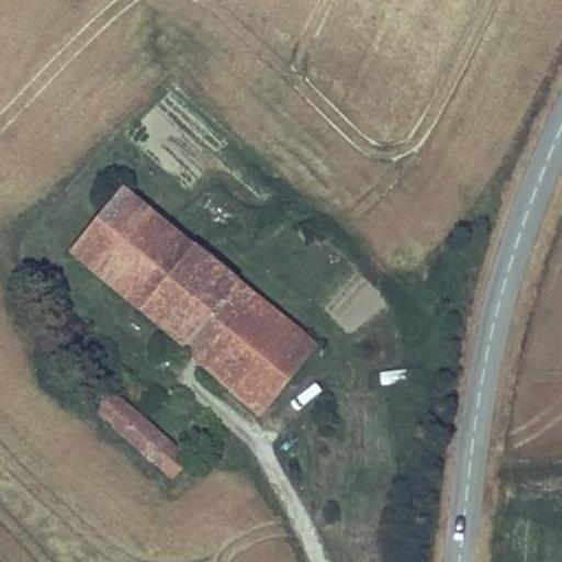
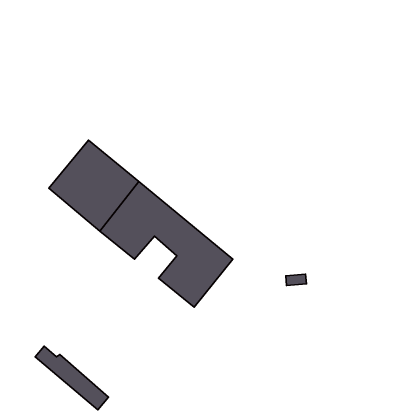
building: [184,314,240,370] -> none
building: [90,387,188,472] -> [35,346,109,410]

